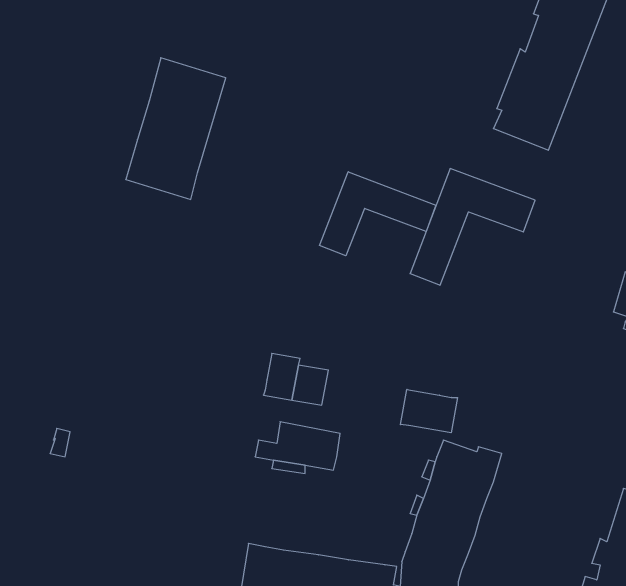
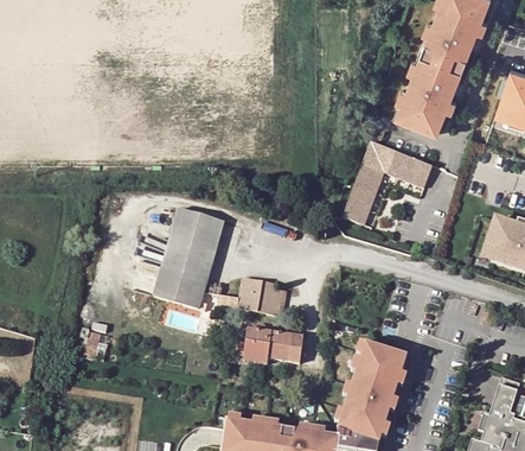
building: [126,58,226,199] -> [153,208,224,309]
building: [320,172,436,256] -> none
building: [400,389,458,433] -> none

